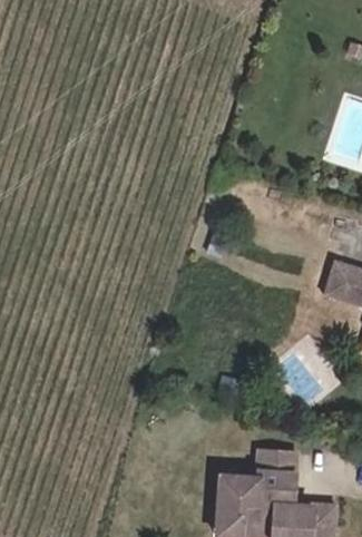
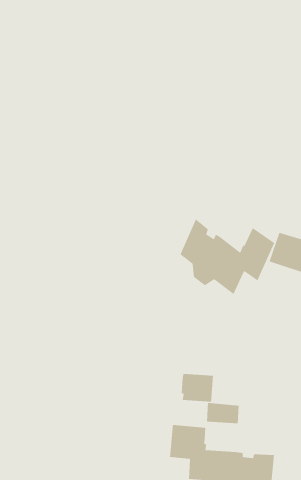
building: none -> [180,218,275,295]
building: [254,470,291,502] -> [181,373,214,402]

